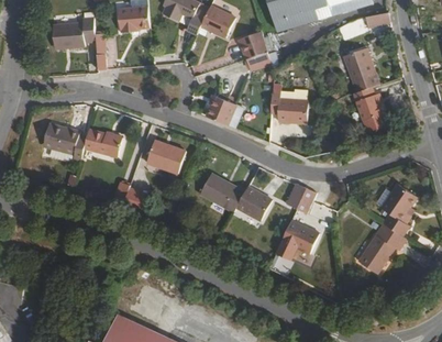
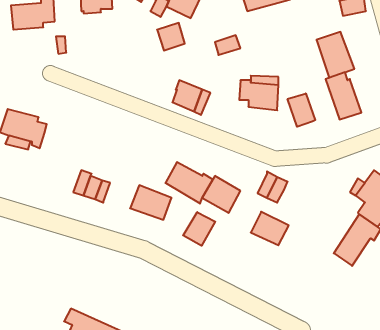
building: [240,33,266,59] -> [157,23,185,51]
building: none -> [288,93,315,127]
building: [84,128,121,154] -> none
building: [145,140,185,173] -> [130,185,172,220]
building: none -> [183,212,215,246]

